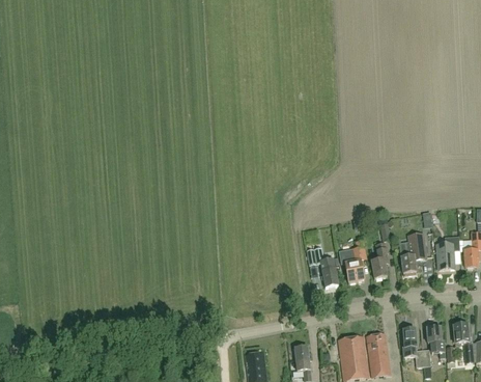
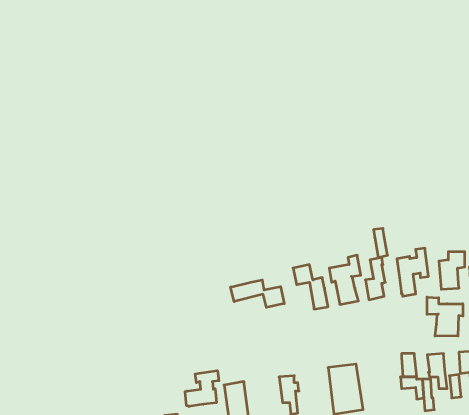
building: none -> [231,280,284,307]
building: none -> [427,297,463,336]
building: [366,333,391,377] -> none
building: none -> [185,371,219,406]

